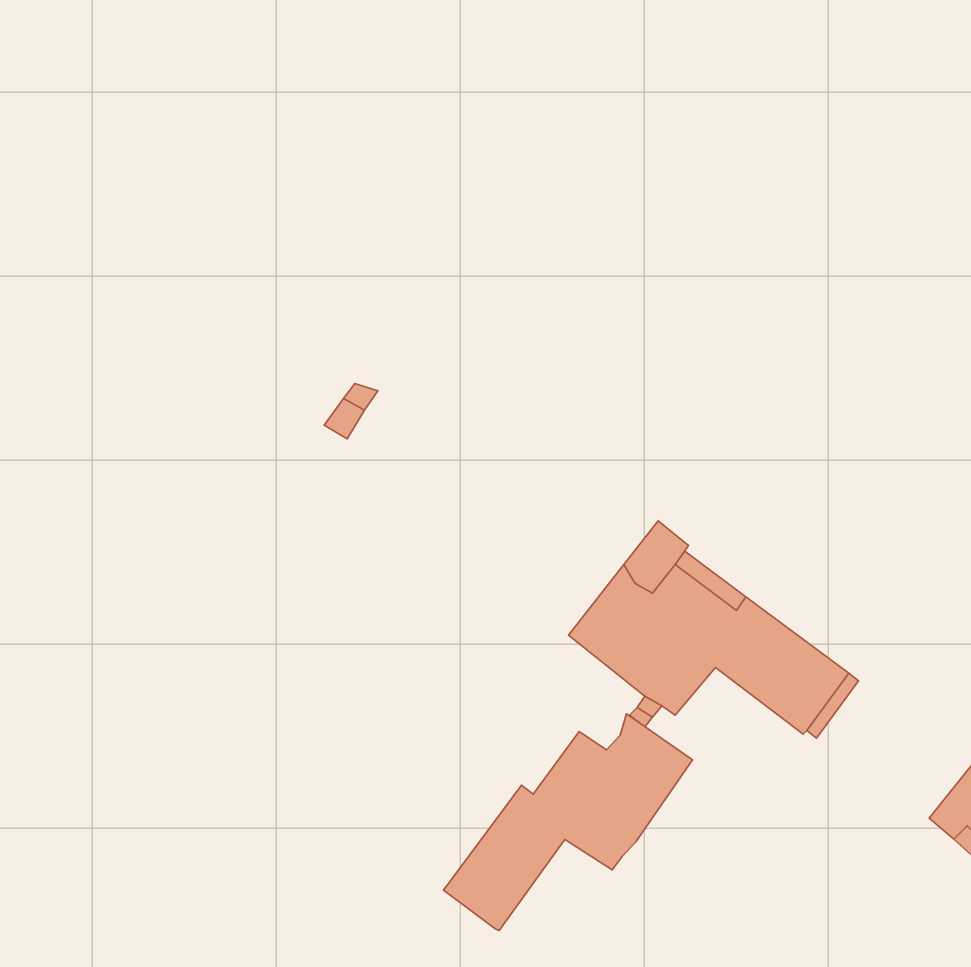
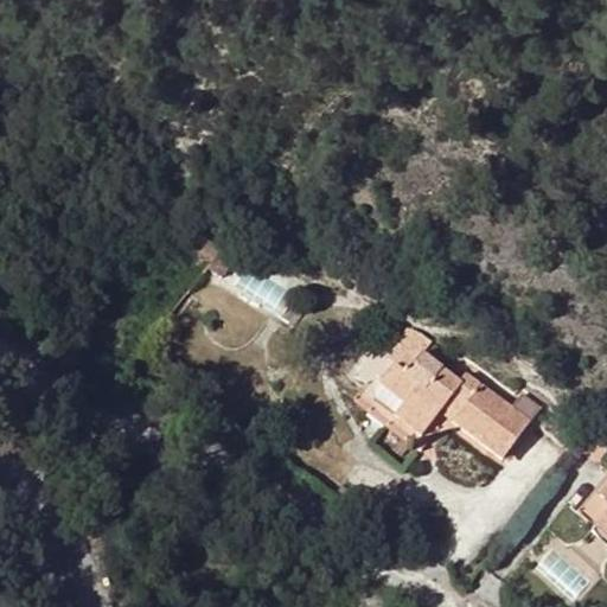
building: [444,714,693,931] -> none

